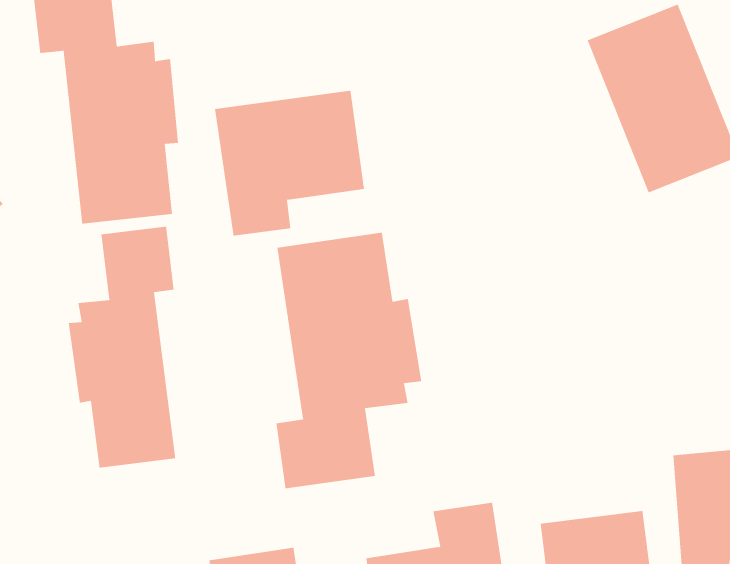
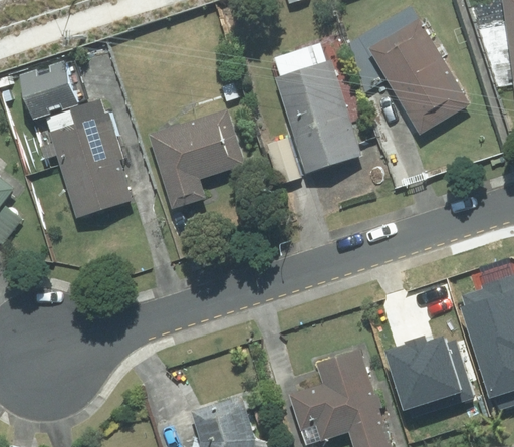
building: none -> [265,44,360,184]
building: [68,226,176,469] -> none
building: [276,232,422,489] -> none

